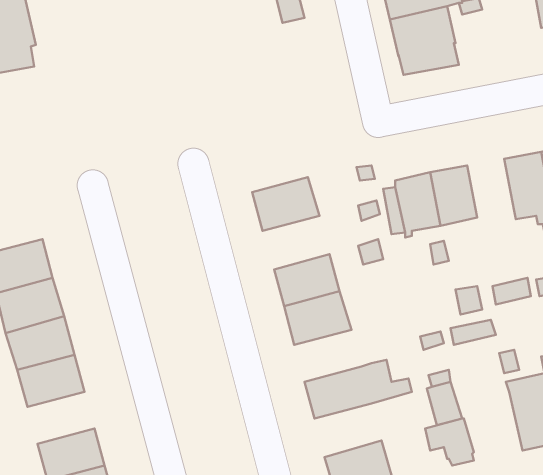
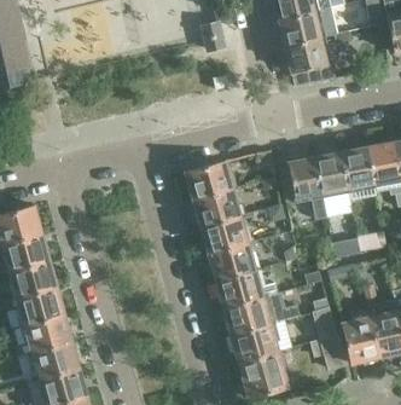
building: none -> [339,147,374,199]
building: none -> [192,189,240,227]
building: none -> [215,271,271,308]
building: none -> [23,316,71,353]
building: none -> [342,316,379,364]
building: none -> [229,324,278,363]

